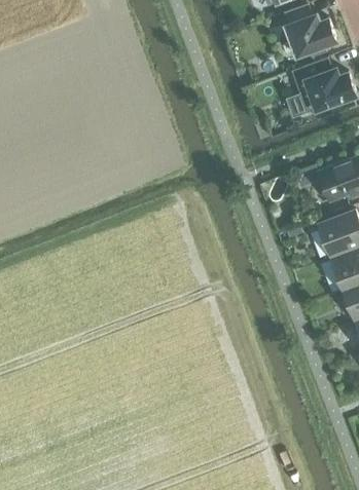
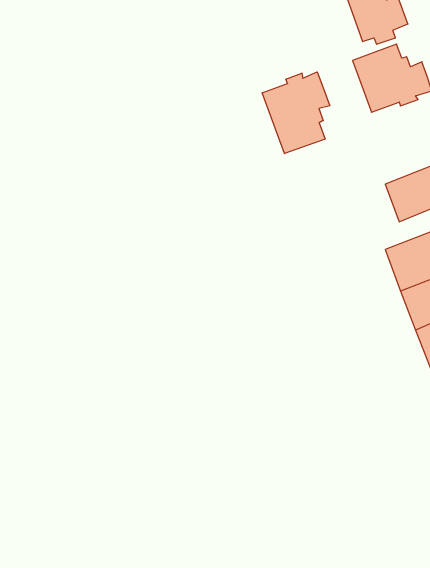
building: none -> [262,72,330,154]

